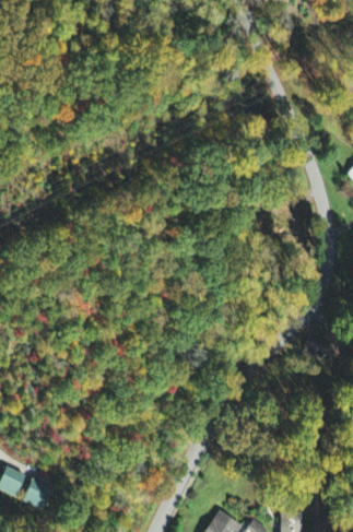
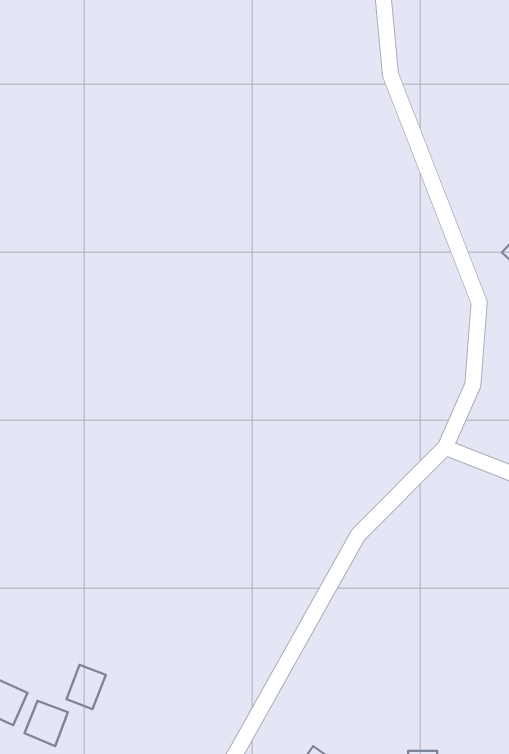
building: none -> [66,665,106,709]

